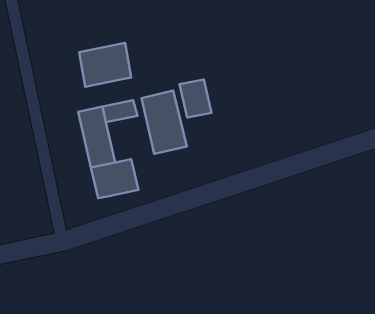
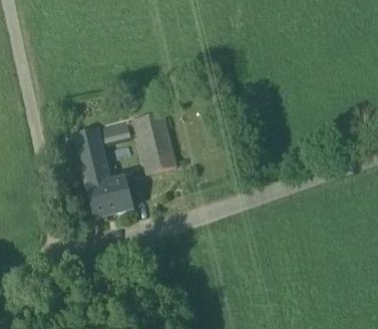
building: [79,43,131,87] -> none
building: [179,79,211,118] -> none

